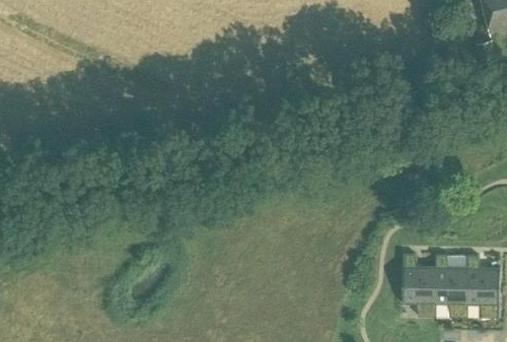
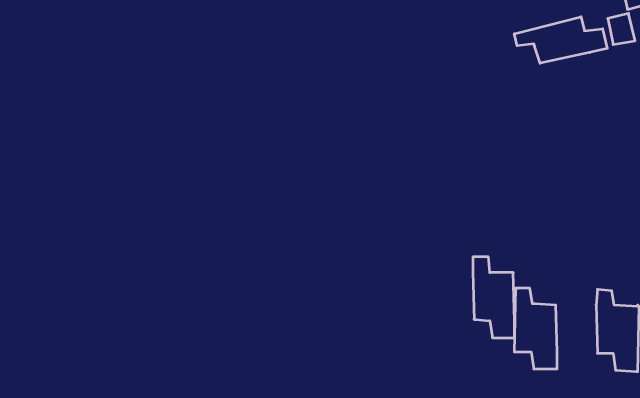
building: none -> [514,17,607,63]
building: [436,256,468,319] -> [473,257,514,338]

